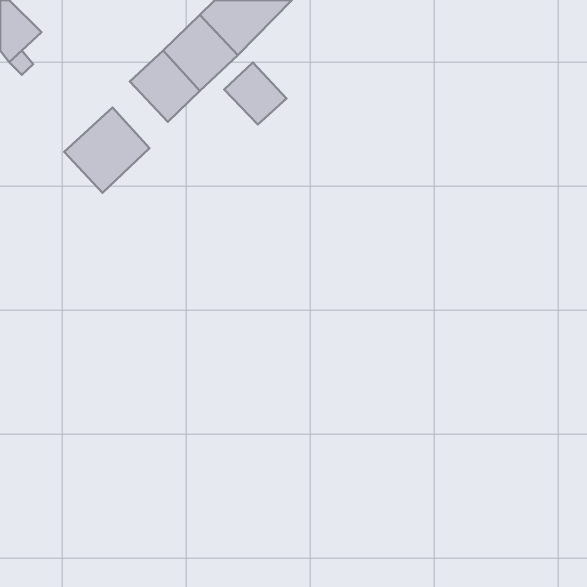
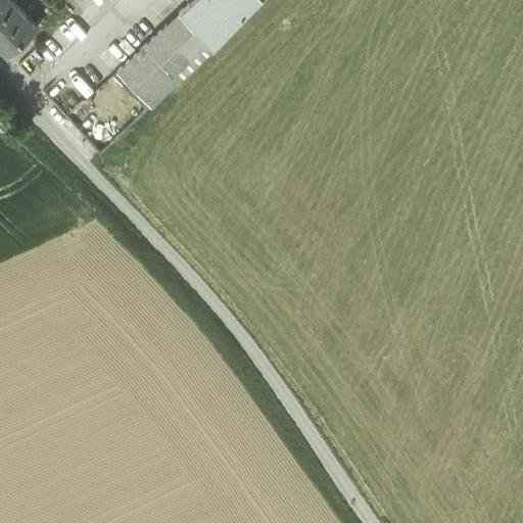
building: [224,63,286,124] -> none
building: [64,107,149,193] -> none

